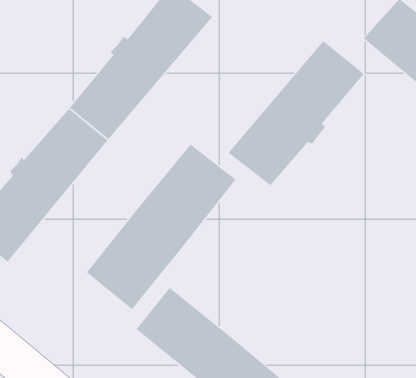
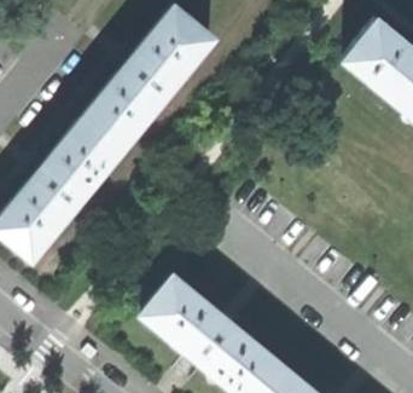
building: [228,40,365,186] -> none
building: [86,143,236,310] -> none

